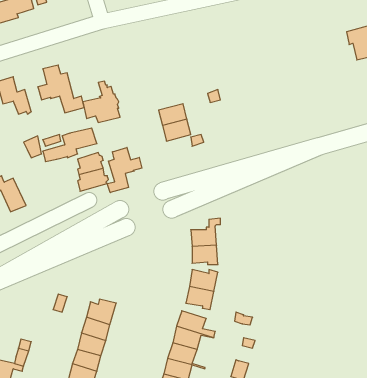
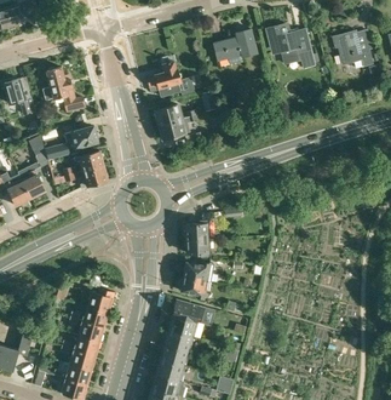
building: none -> [265,23,318,69]
building: none -> [213,29,255,64]
building: [83,81,120,122] -> [146,57,182,96]
building: [107,147,142,193] -> none
building: none -> [17,161,45,200]

